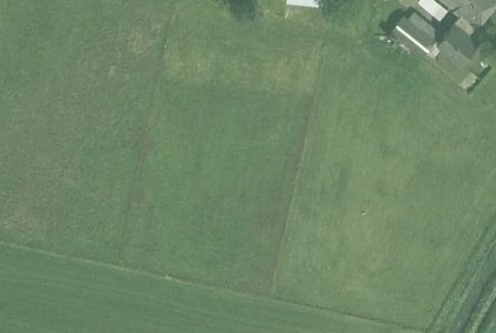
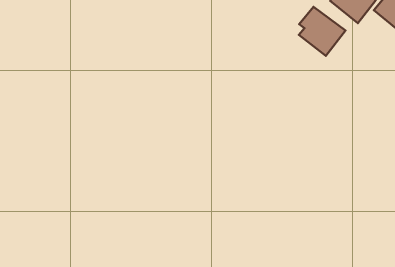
building: none -> [299,7,345,56]

